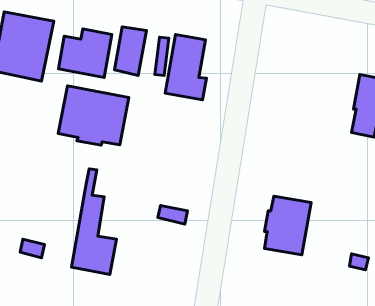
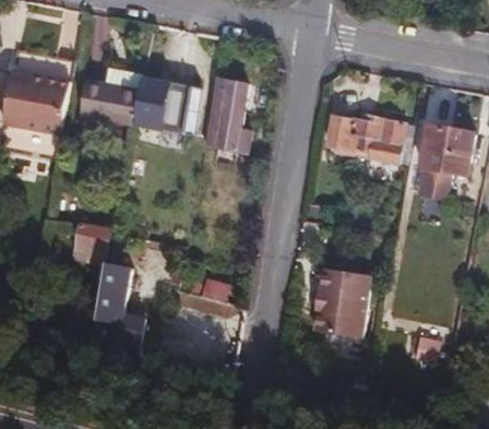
building: none -> [324,114,402,162]
building: [58,86,129,145] -> none
building: none -> [72,224,109,264]

